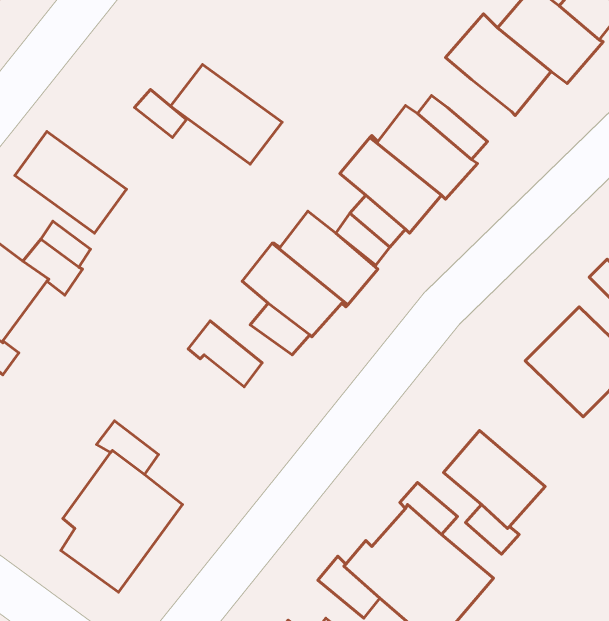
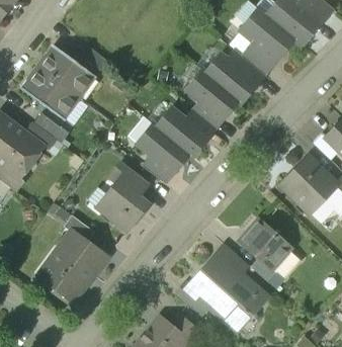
building: [170,64,282,164] -> [38,47,95,97]
building: none -> [242,41,274,73]
building: none -> [104,181,148,232]

